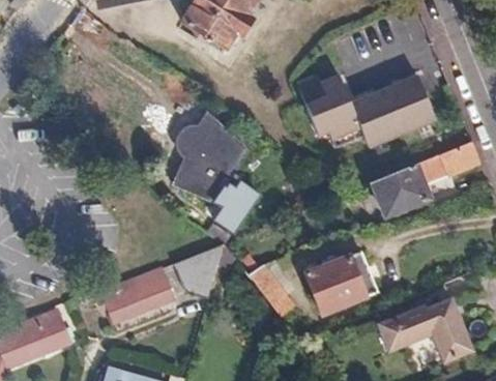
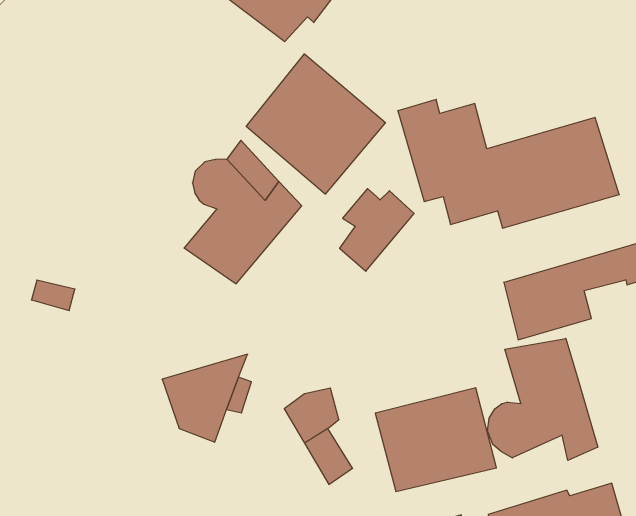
building: none -> [246,54,385,194]
building: [210,180,254,231] -> [340,189,414,271]
building: none -> [488,338,598,460]
building: [96,267,174,322] -> none

